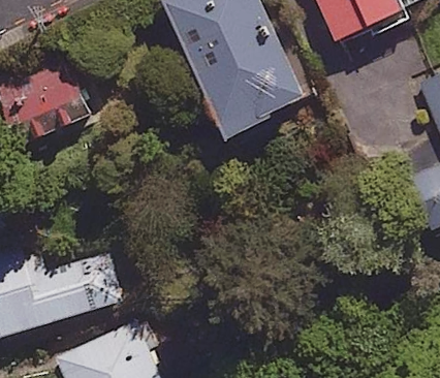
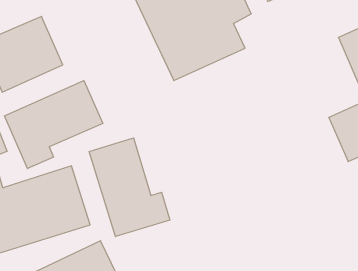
building: none -> [4,81,103,169]
building: none -> [89,138,170,237]

